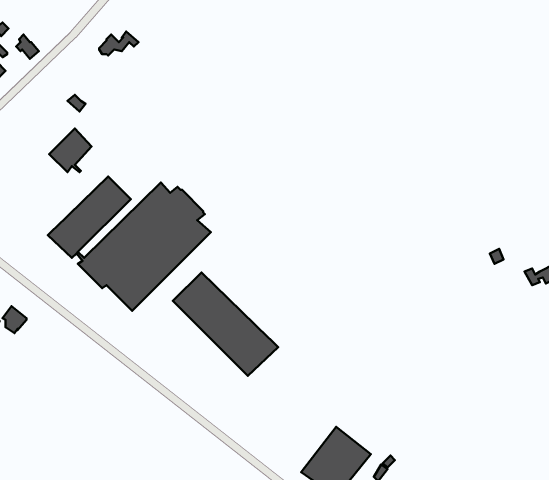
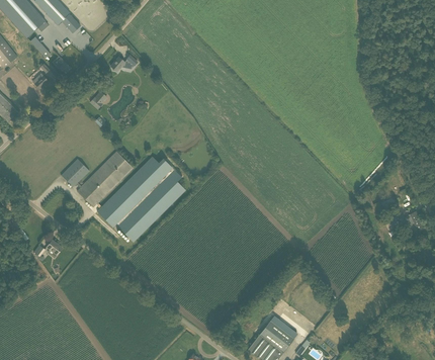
building: [49,129,92,172] -> [60,158,88,187]
building: [173,272,278,376] -> none

